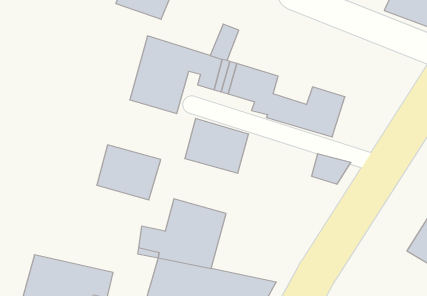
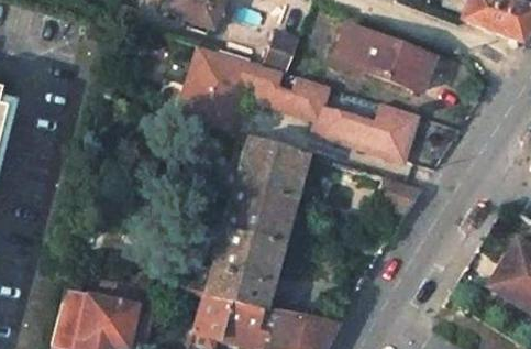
building: none -> [334,24,431,88]
building: [97,145,161,200] -> [225,183,297,244]

